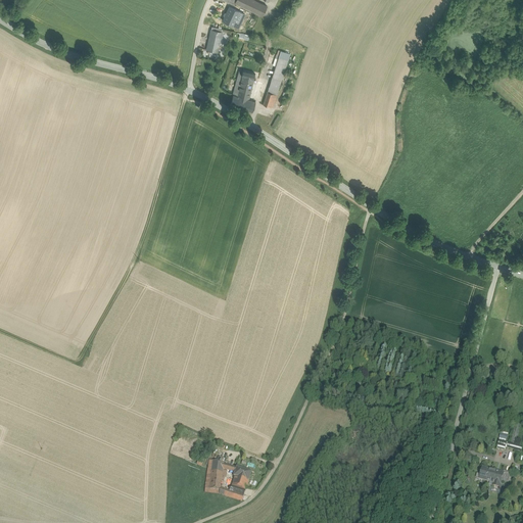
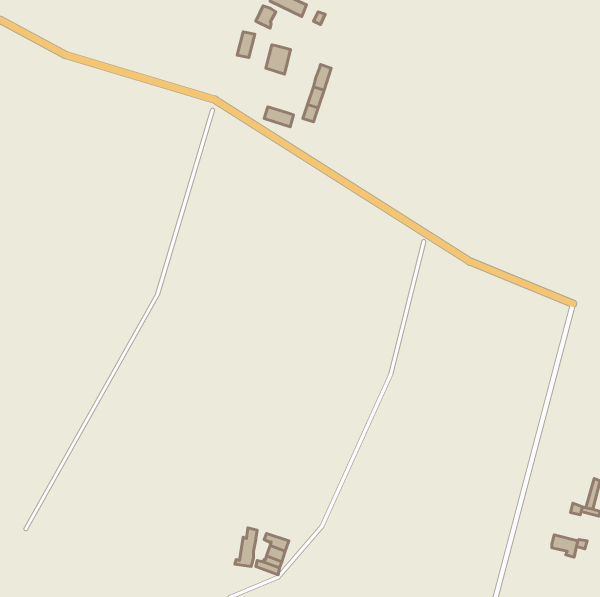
building: [233,73,254,98] -> [266,45,290,74]

